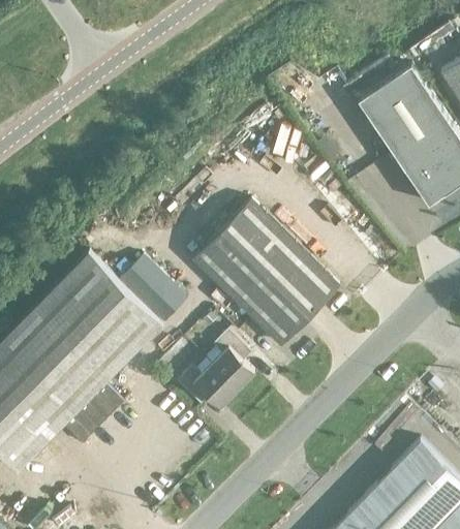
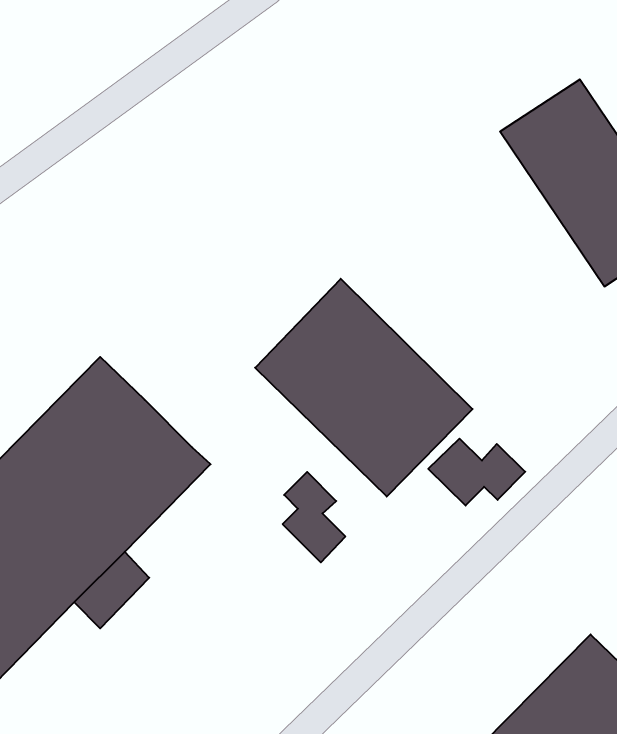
building: [119,256,178,314] -> none
building: none -> [428,439,525,506]
building: [177,366,238,408] -> none

